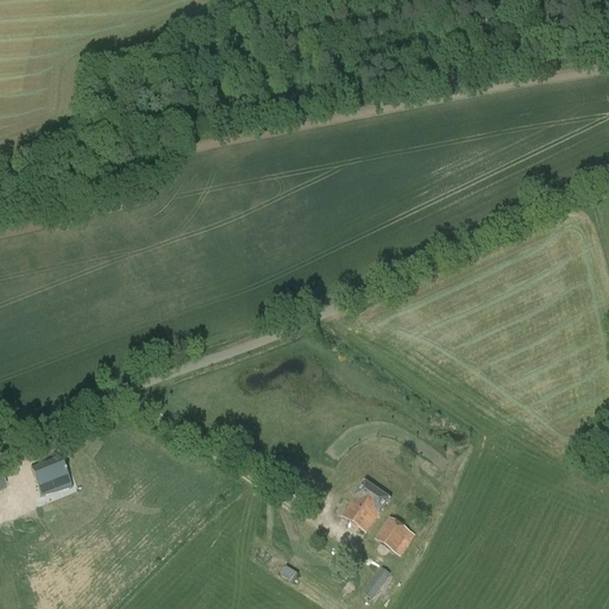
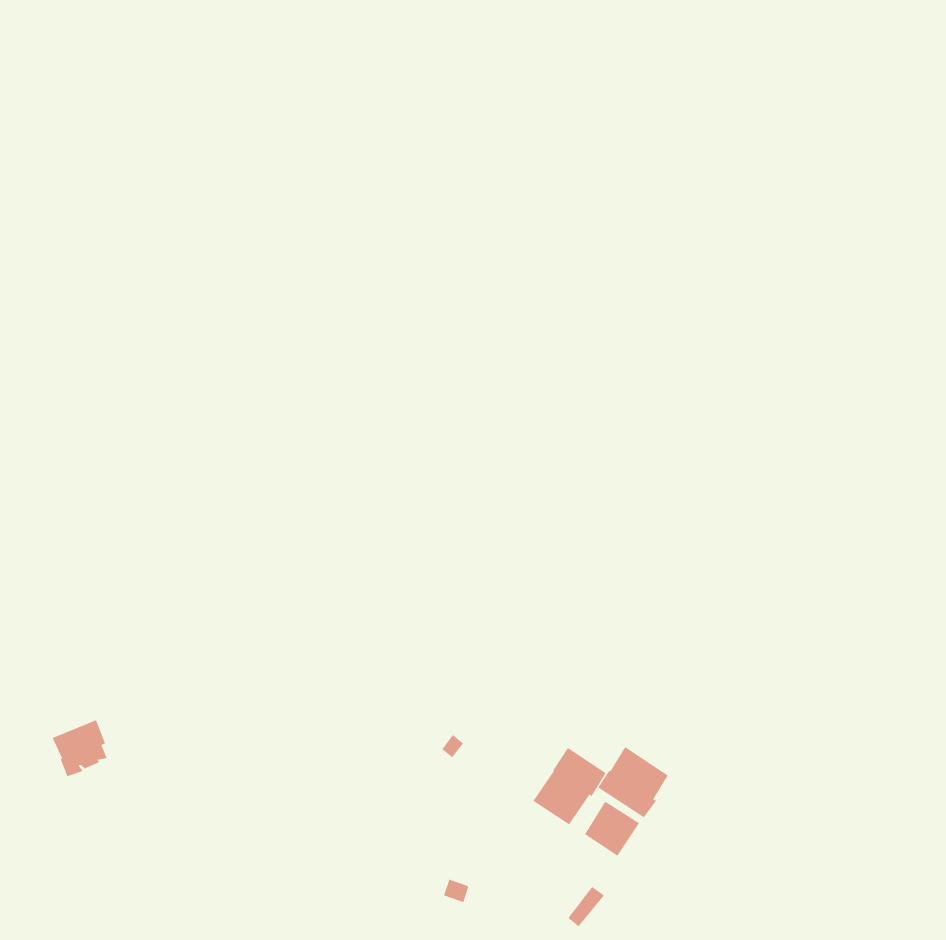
building: none -> [598,746,669,818]

